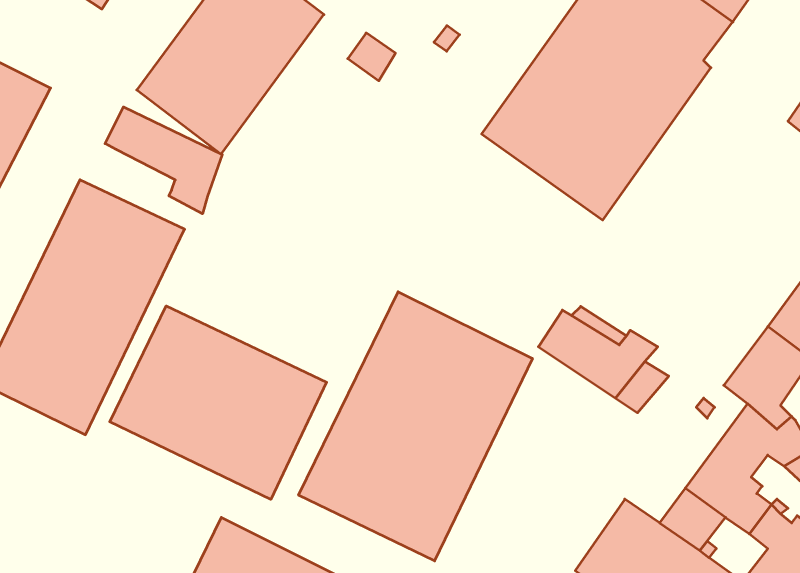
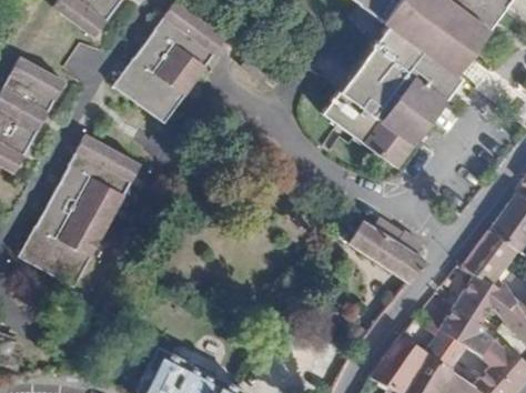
building: [105,107,222,214] -> none
building: [299,292,532,561] -> none
building: [110,306,327,499] -> none

